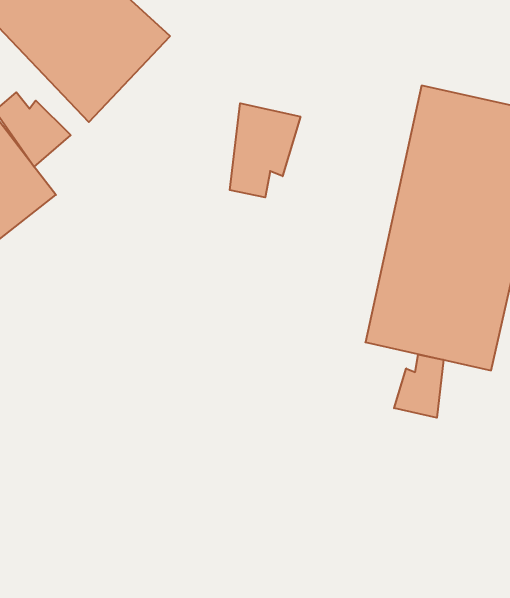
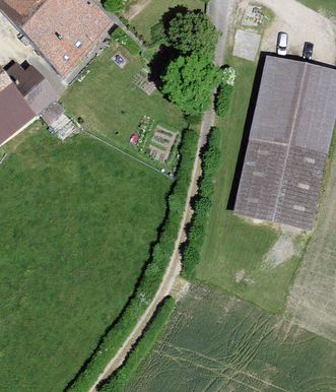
building: [230,103,300,197] -> none
building: [394,354,443,418] -> none

